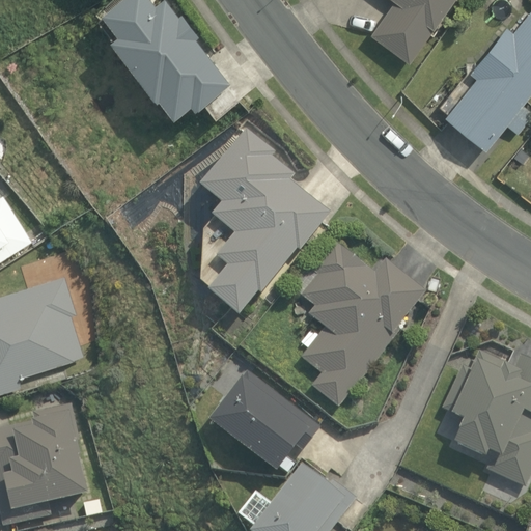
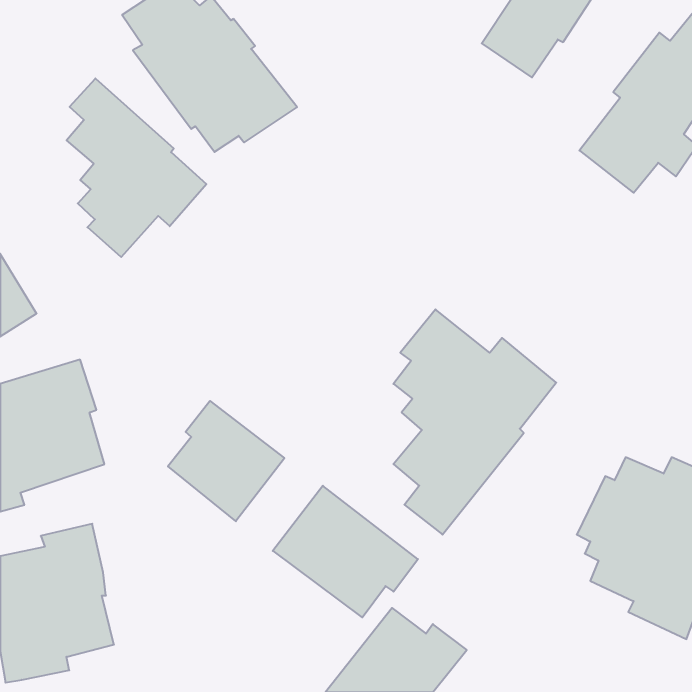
building: none -> [67,78,206,257]
building: [192,130,329,318] -> none
building: none -> [168,401,284,521]

